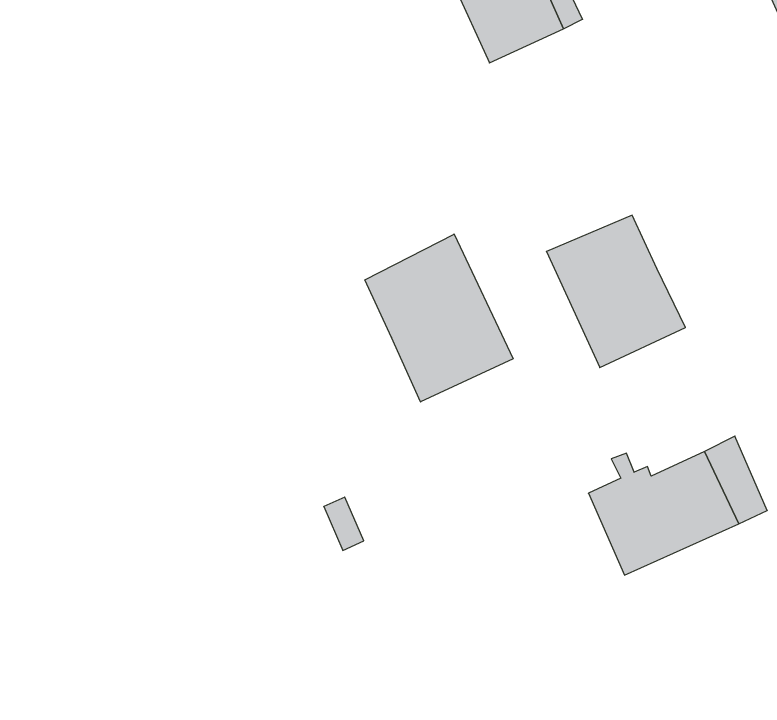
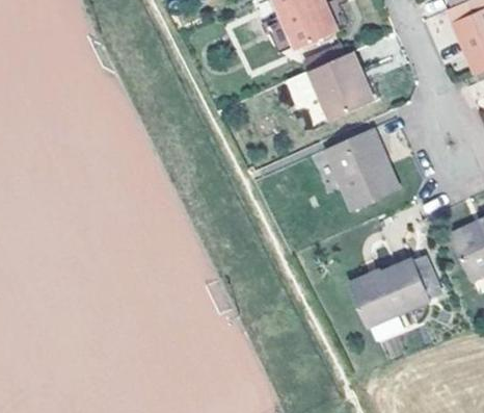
building: none -> [288,48,385,120]
building: [365,234,513,402] -> none

